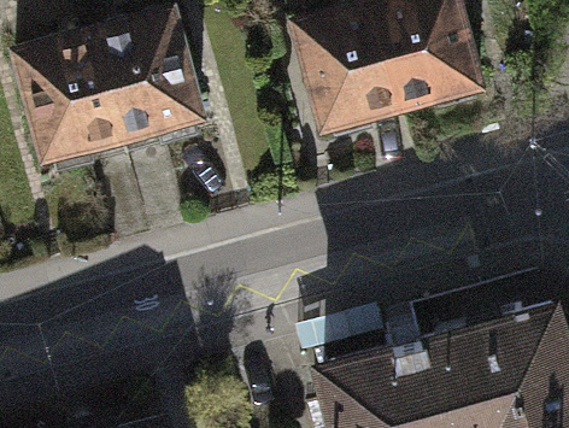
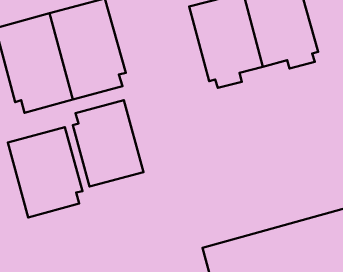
building: none -> [73,100,143,187]
building: none -> [8,127,82,217]

